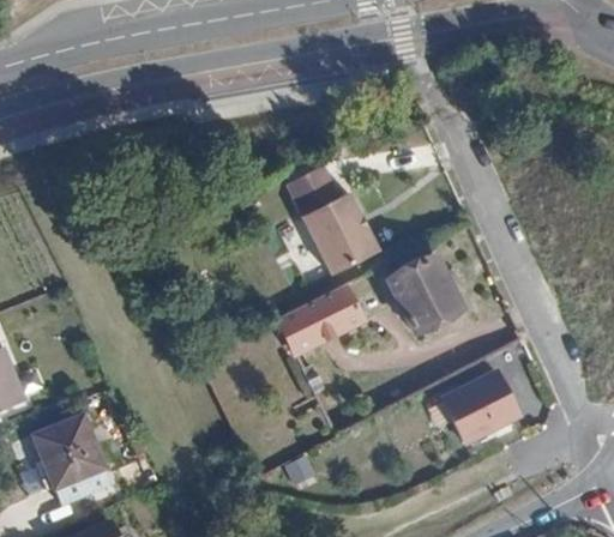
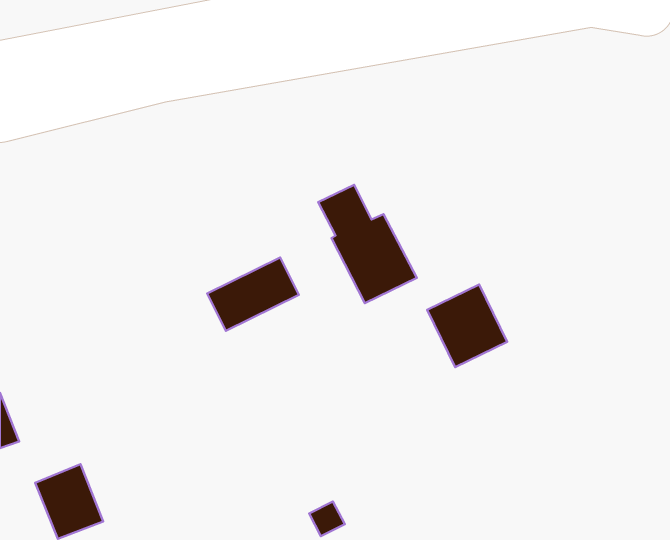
building: [279,285,362,351] -> [207,258,299,331]
building: [443,369,520,441] -> none

